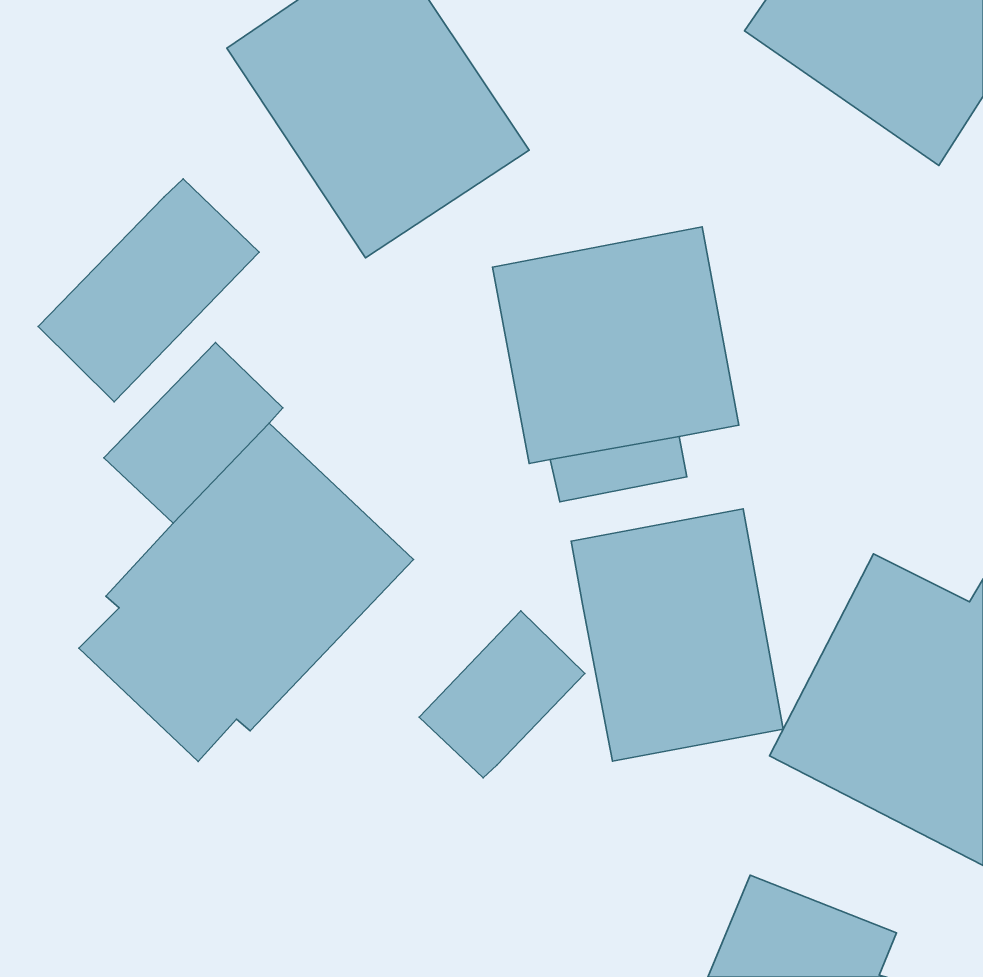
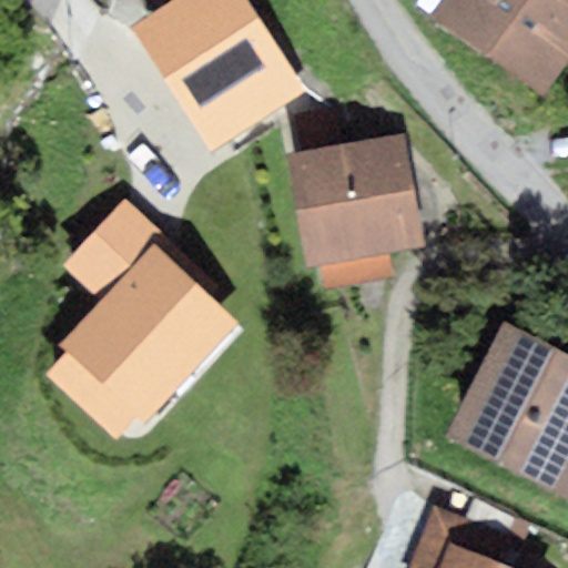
building: [38,179,259,402] -> none
building: [571,509,783,761] -> none
building: [419,611,585,778] -> none

